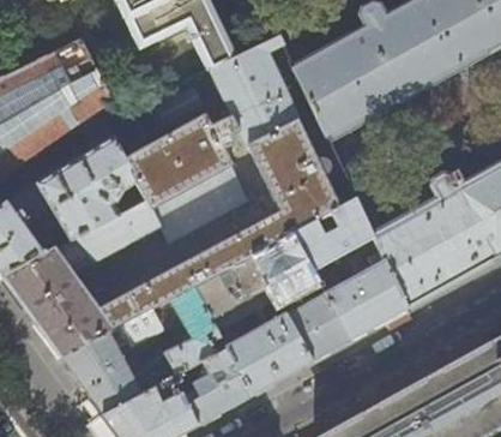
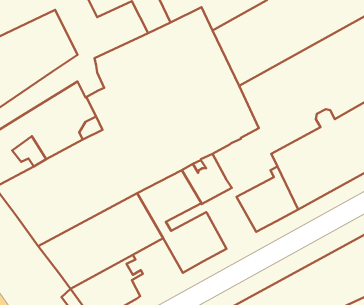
building: [294,198,375,268] -> none
building: [286,291,352,360] -> none
building: [186,346,254,424] -> none

